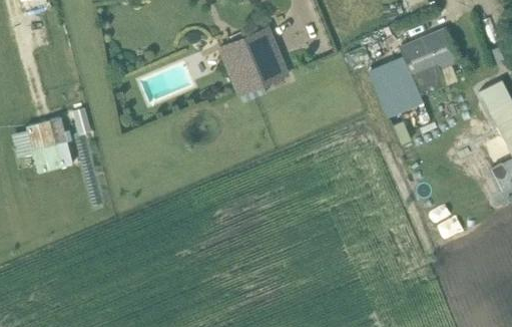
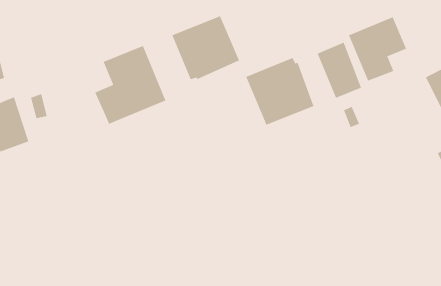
building: none -> [94,45,166,125]
building: none -> [245,57,314,125]

